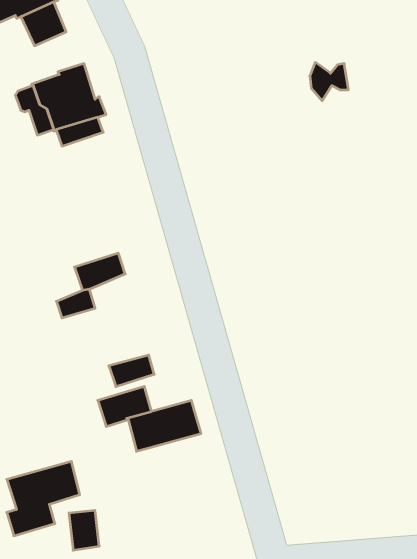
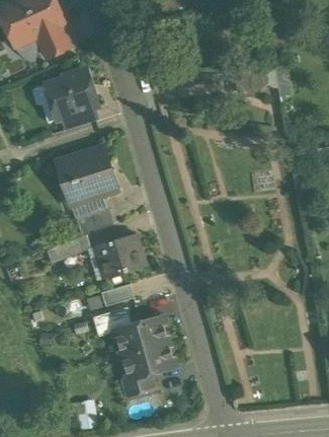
building: none -> [58,145,117,202]
building: none -> [96,233,147,276]
building: [7,462,80,536] -> [121,341,175,395]

